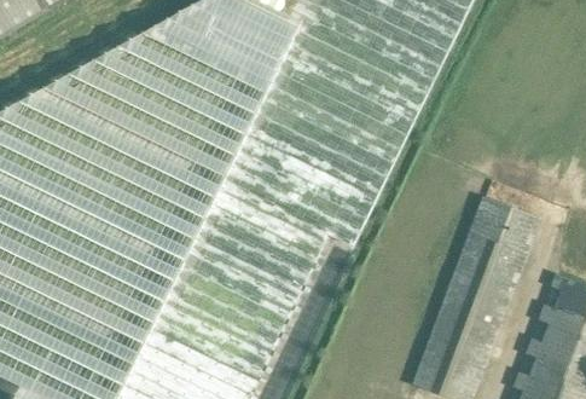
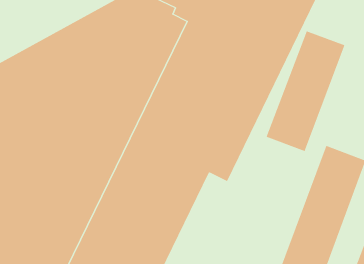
building: none -> [266,30,345,152]

